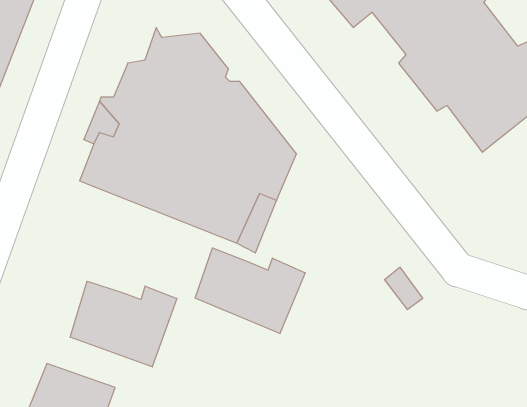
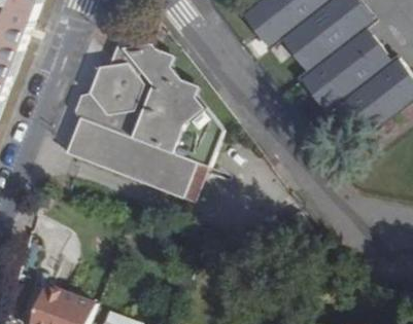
building: [195,248,305,334] -> none
building: [70,281,177,367] -> none

